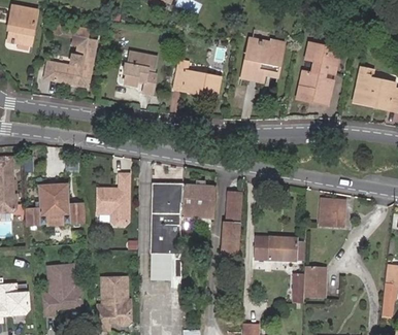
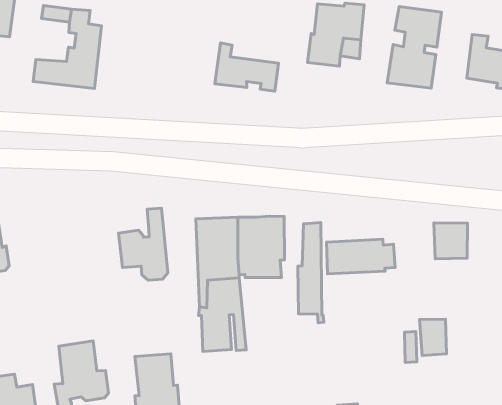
building: [124,51,156,93] -> none
building: [27,182,84,225] -> none
building: [255,236,303,260] -> [326,239,395,274]

